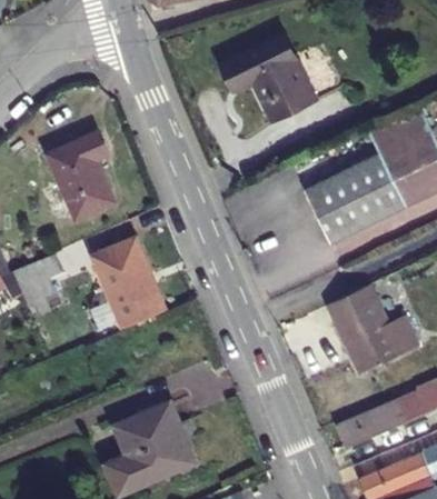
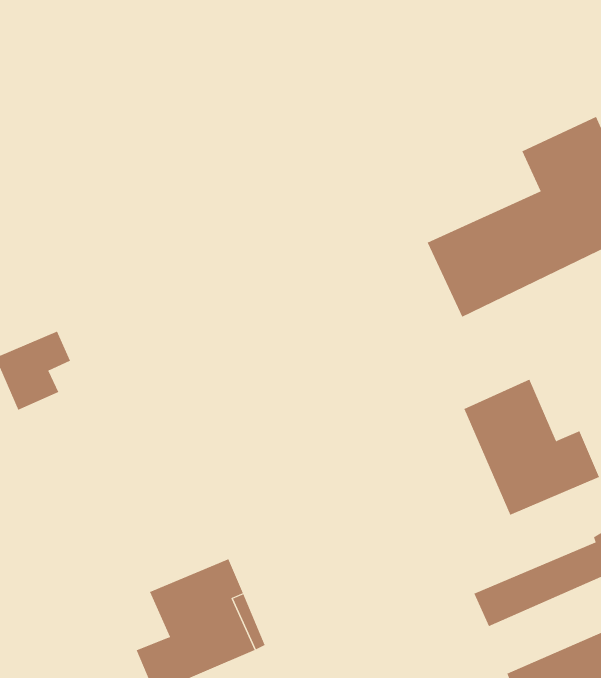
building: [218,37,311,120] -> none
building: [47,132,115,218] -> none
building: [91,234,166,326] -> none

